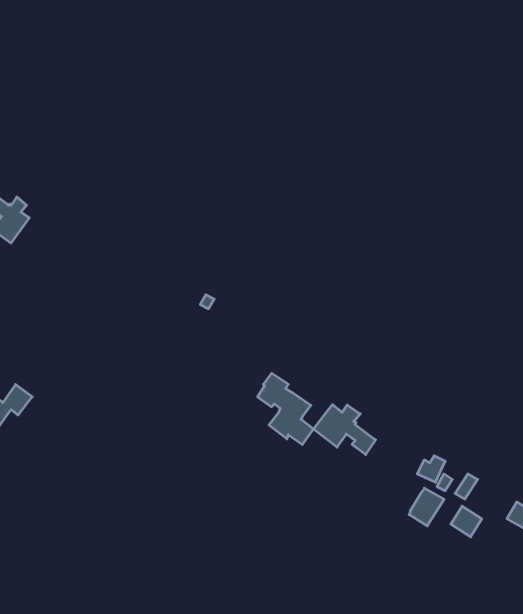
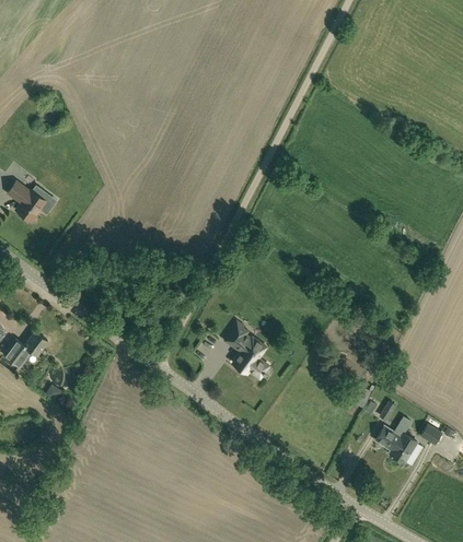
building: [314,405,376,455] -> none
building: [409,488,444,526] -> [391,433,418,462]

